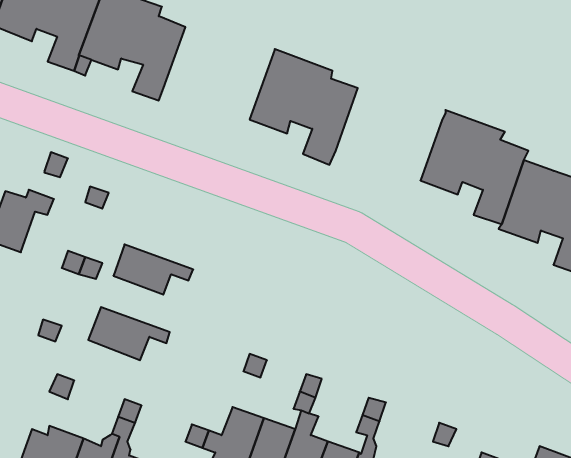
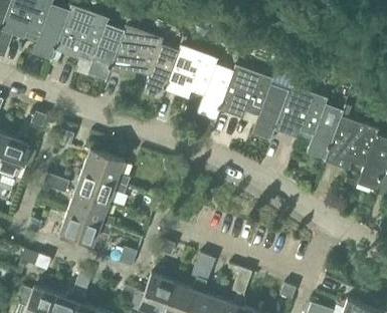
building: none -> [108,24,177,97]
building: none -> [218,64,286,137]
building: none -> [82,148,130,186]
building: none -> [67,190,115,226]

